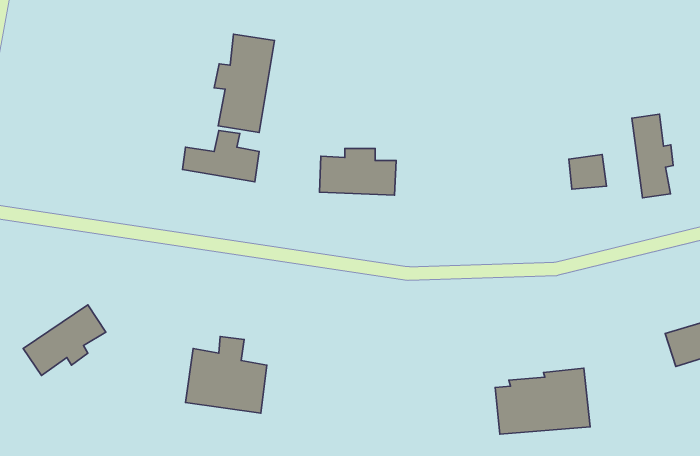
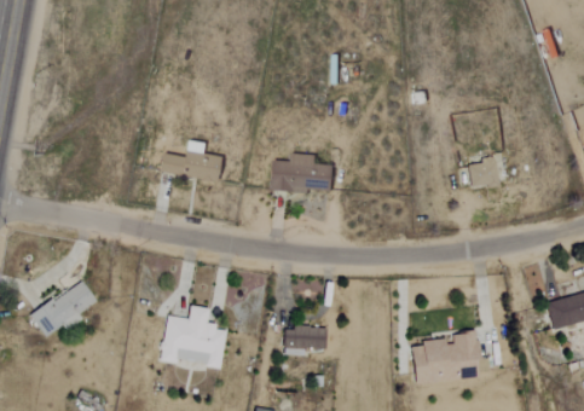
building: [214,34,274,132] -> none
building: [632,114,673,198] -> none
building: none -> [284,326,326,354]

